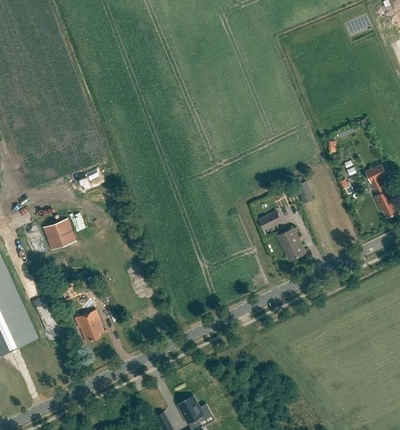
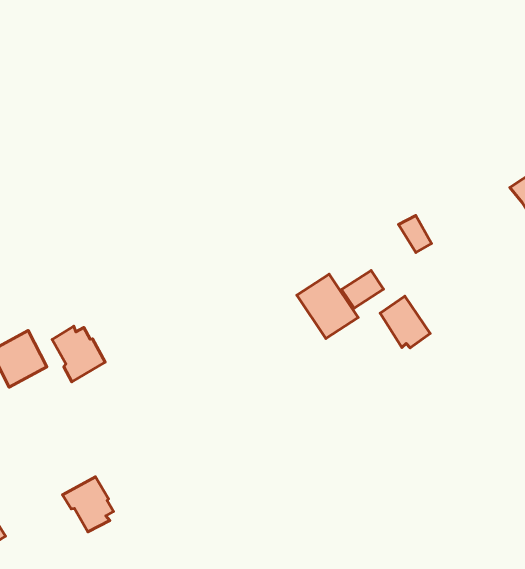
building: none -> [297,274,358,338]
building: none -> [52,326,105,382]

